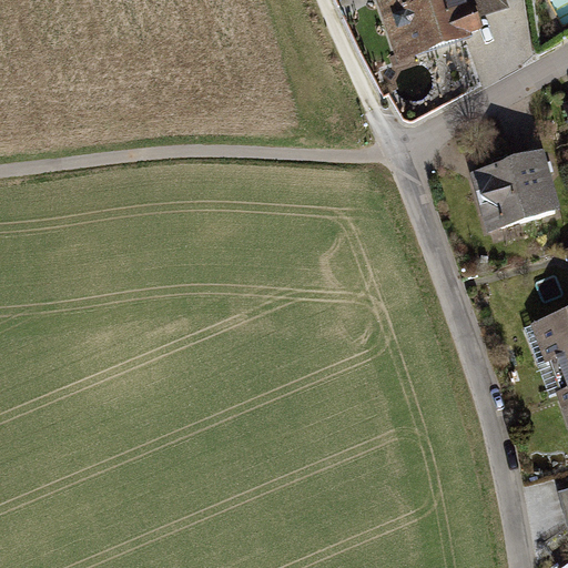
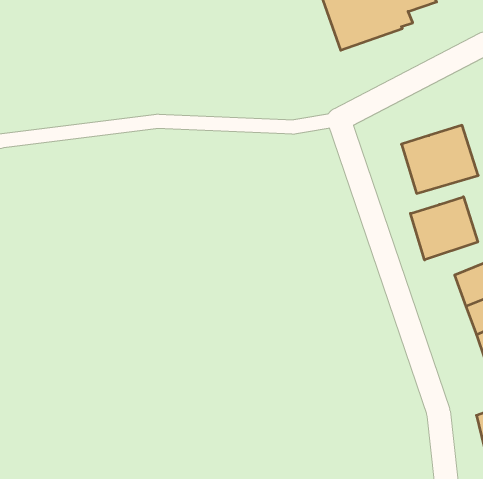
building: none -> [410,197,478,260]

